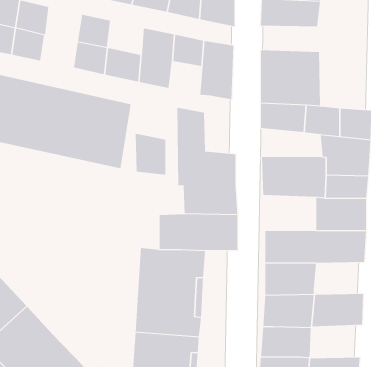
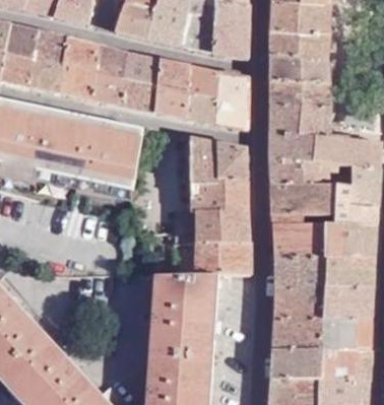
building: none -> [58,40,98,98]
building: none -> [123,53,157,86]
building: none -> [271,58,329,83]
building: none -> [183,92,214,125]
building: none -> [271,157,331,185]
building: [135,133,166,175] -> [217,142,248,183]
building: none -> [273,222,325,257]
building: none -> [324,287,373,319]
building: none -> [319,348,371,381]

